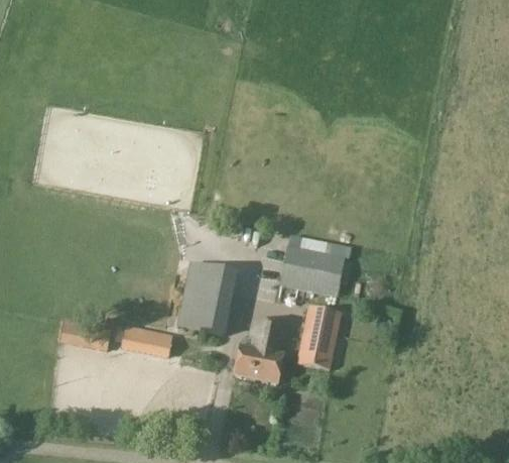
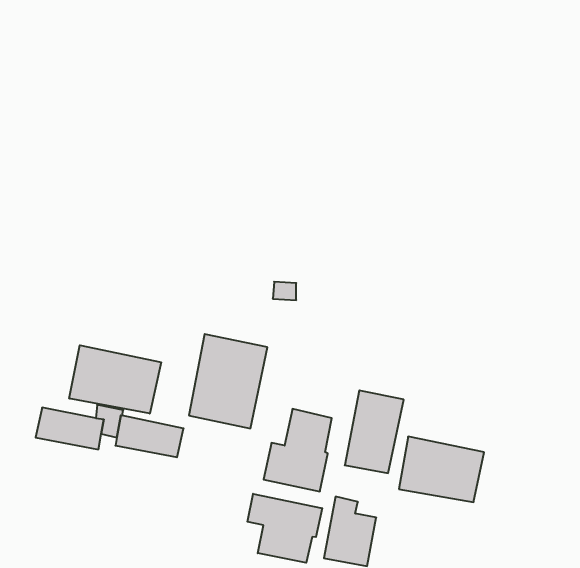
building: [280,244,346,295] -> [399,437,484,502]
building: none -> [69,345,161,414]
building: none -> [247,494,322,563]

